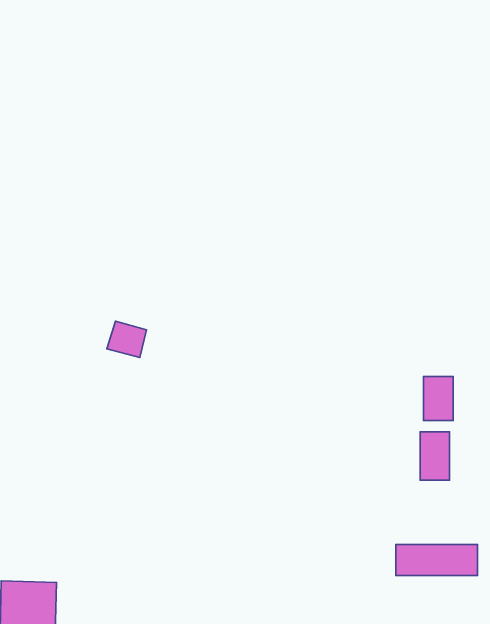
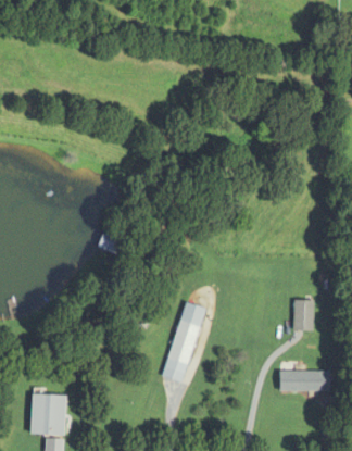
building: [424,377,453,420] -> none
building: none -> [162,302,205,383]

